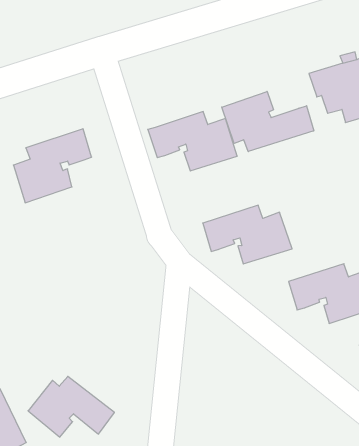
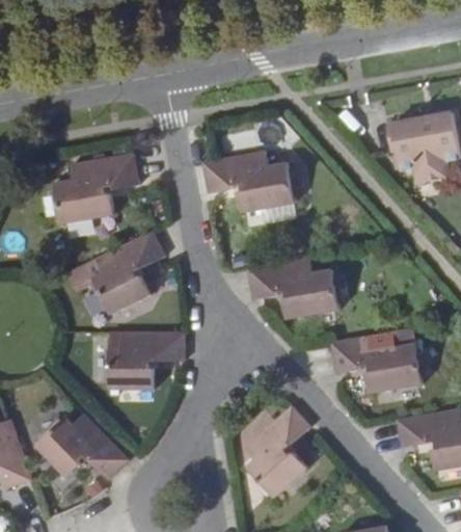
building: [222,91,314,152] -> none
building: none -> [91,231,164,314]
building: none -> [109,330,183,388]
building: none -> [244,405,310,497]

